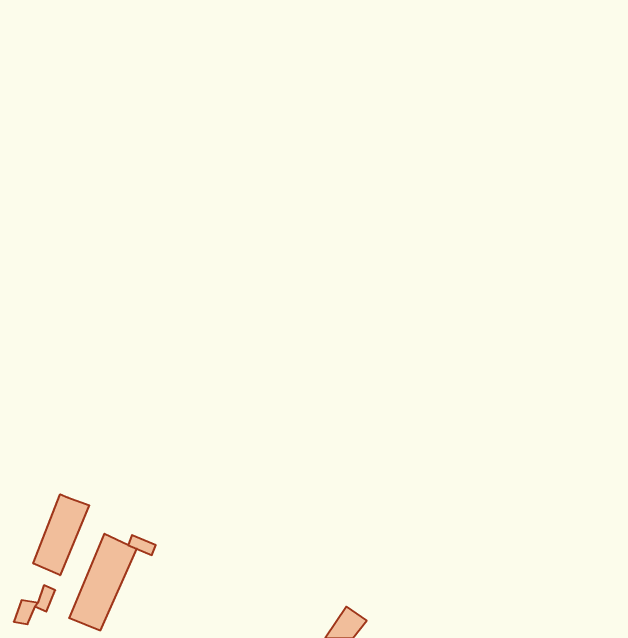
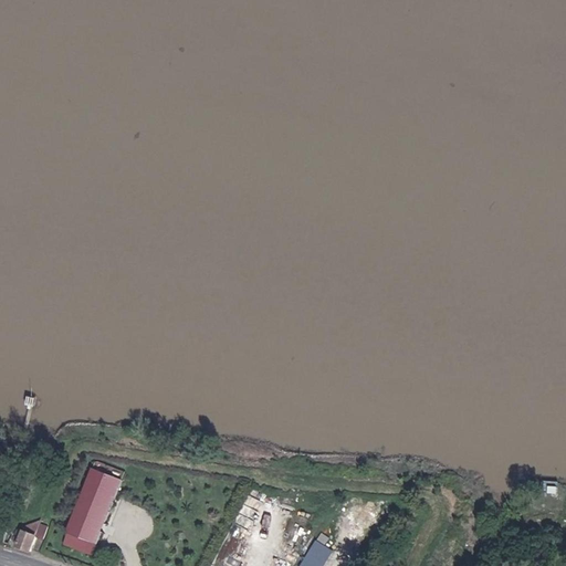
building: [33,494,89,575] -> none

